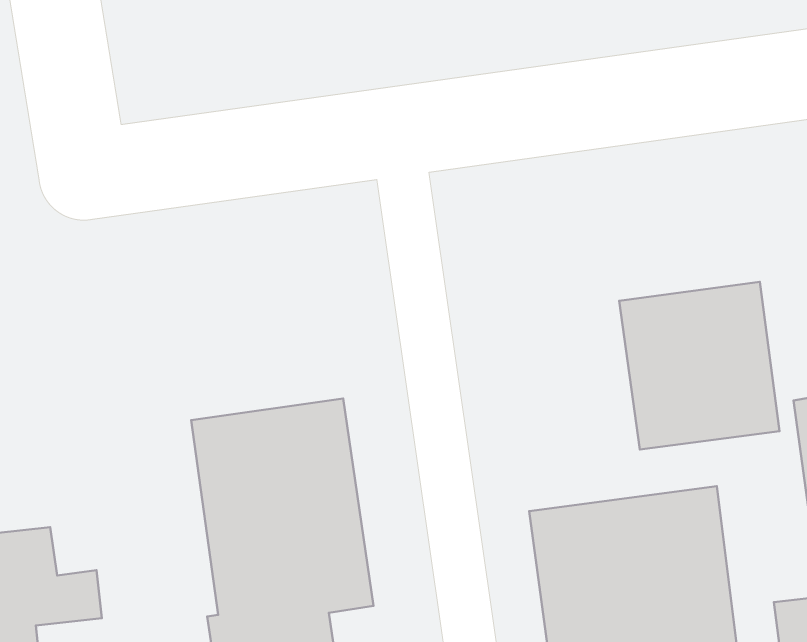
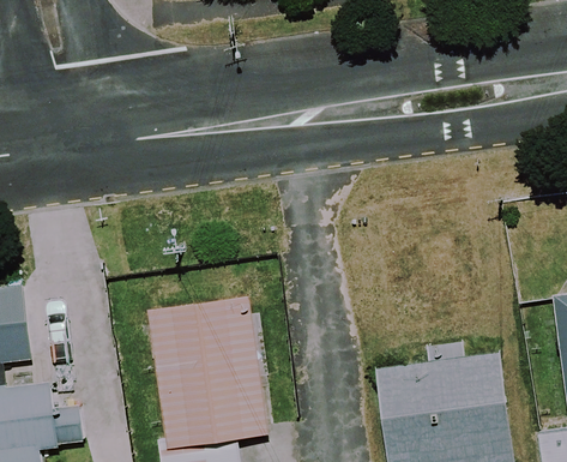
building: [619,282,780,450] -> none

